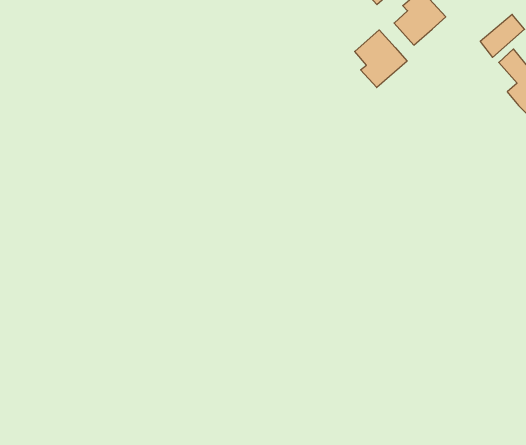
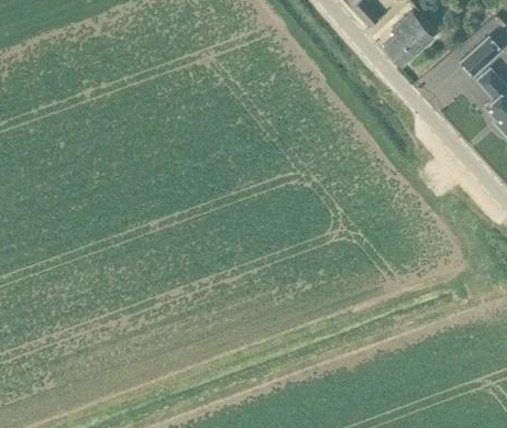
building: [355,30,407,88] -> none

